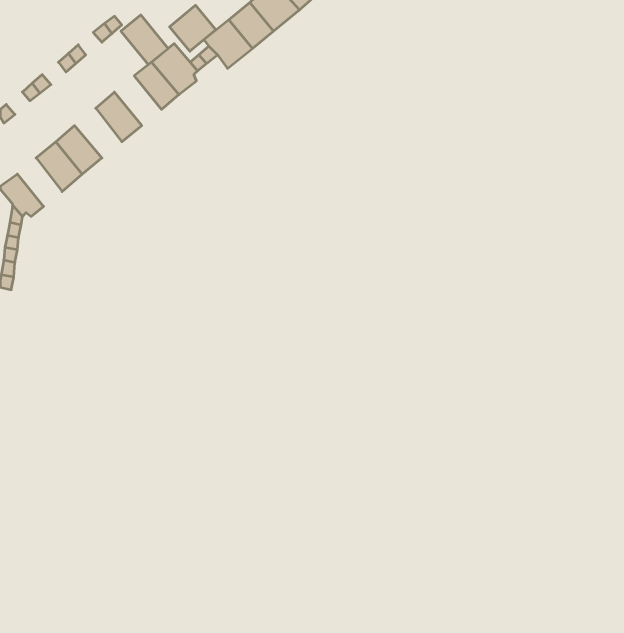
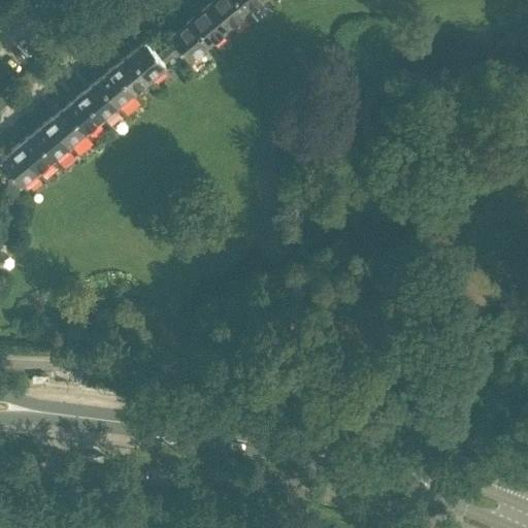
building: [170,5,216,51] -> none
building: [121,15,168,65] -> [104,63,143,104]
building: none -> [71,90,110,131]
building: none -> [24,131,61,171]

